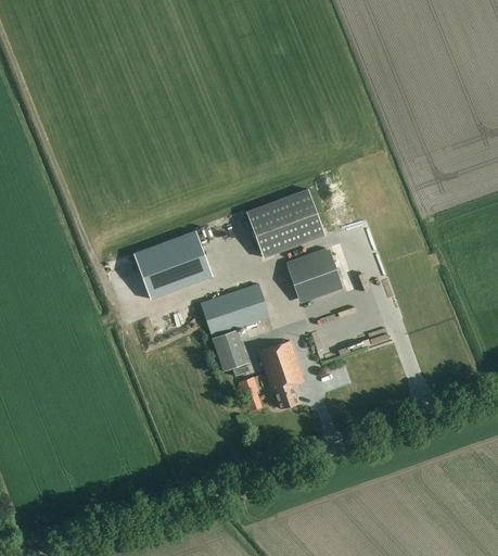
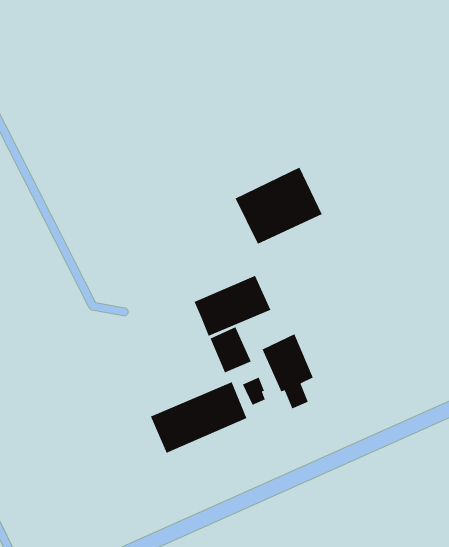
building: [132,230,212,300] -> none
building: [288,252,342,298] -> none
building: none -> [150,381,248,454]

